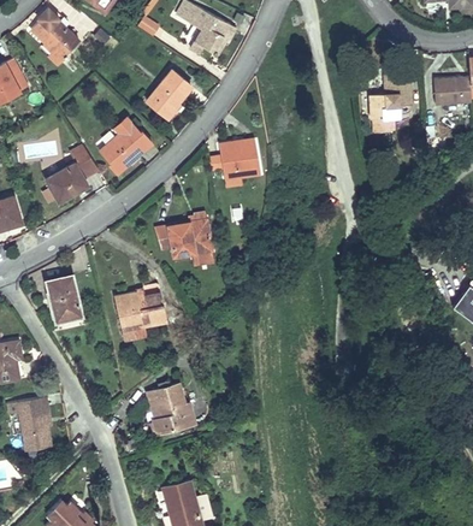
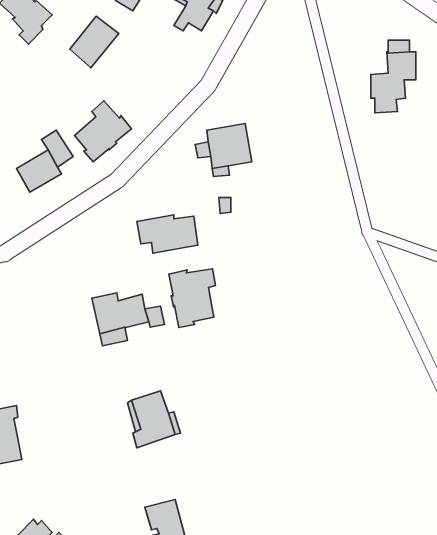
building: [146,71,190,118] -> [70,16,119,68]
building: none -> [169,269,216,327]
building: [46,276,81,320] -> none

